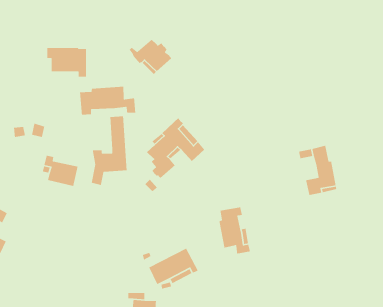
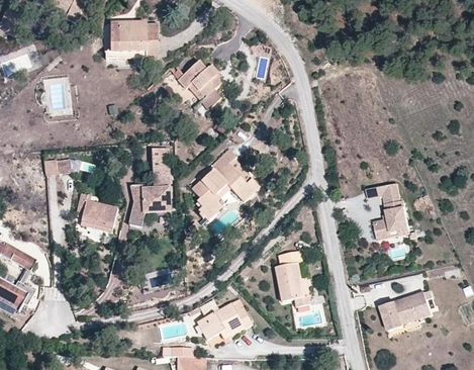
building: [47,47,87,78] -> [108,22,154,57]
building: [79,86,136,116] -> none
building: none -> [377,289,429,330]

